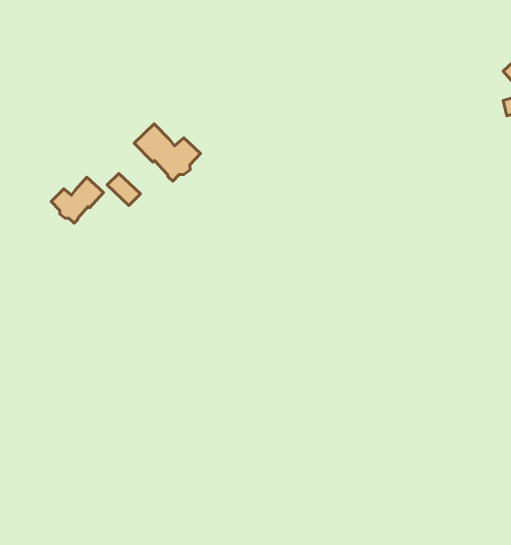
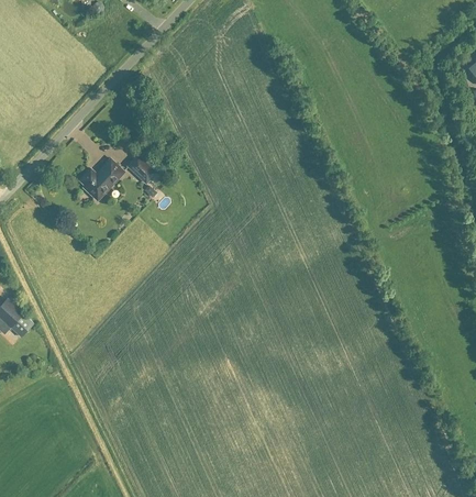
building: [134,124,201,181] -> none

